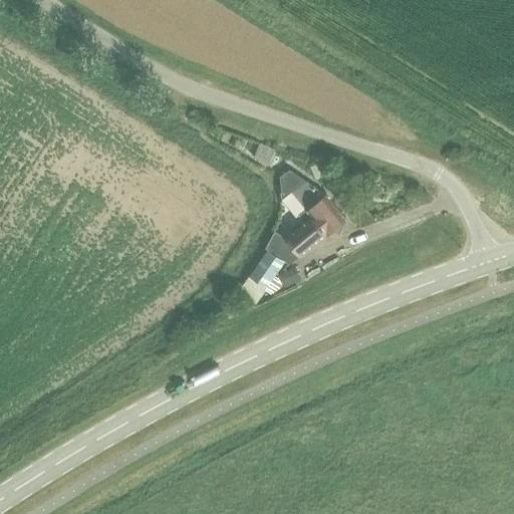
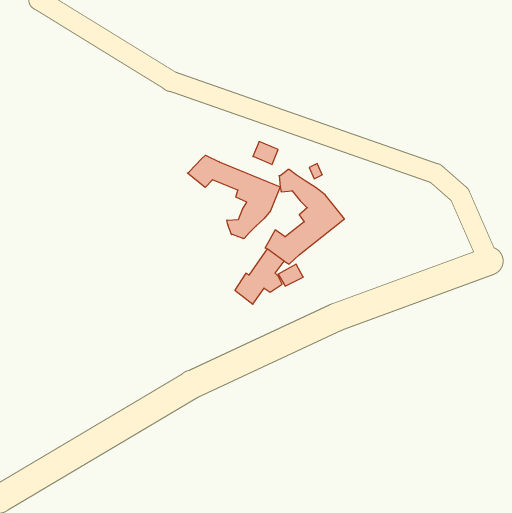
building: none -> [187,155,280,239]

